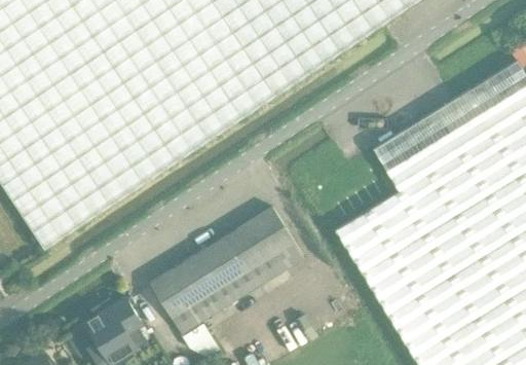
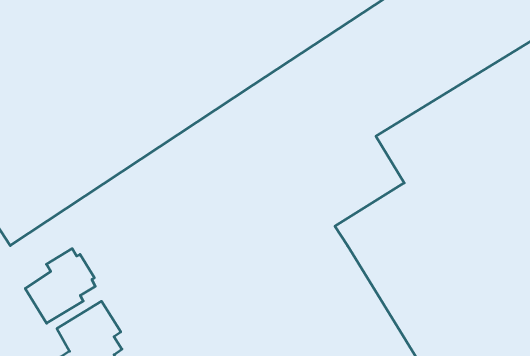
building: [150,208,304,333] -> none
building: none -> [25,249,95,323]

